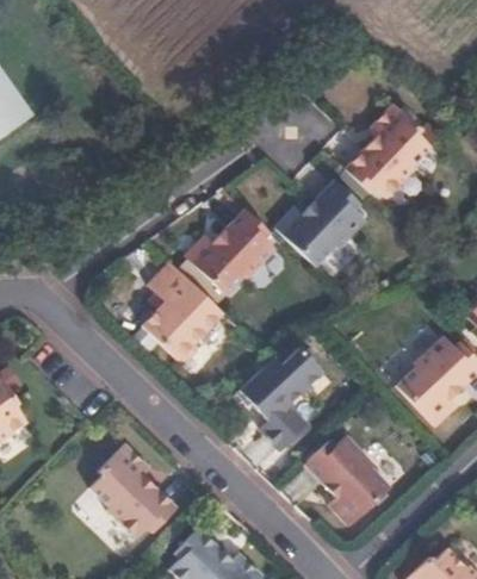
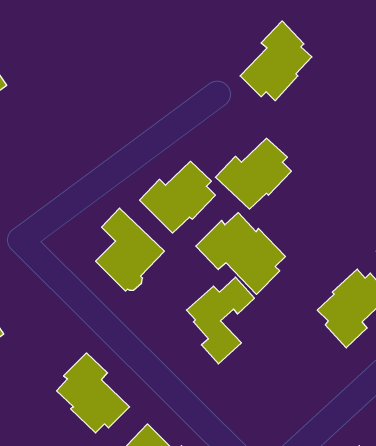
building: [347,102,433,198] -> [240,21,312,101]
building: none -> [196,213,285,294]
building: [305,434,390,525] -> none

